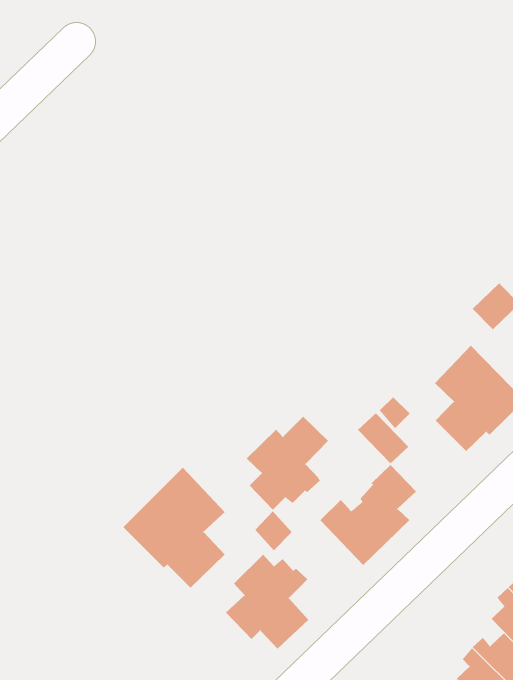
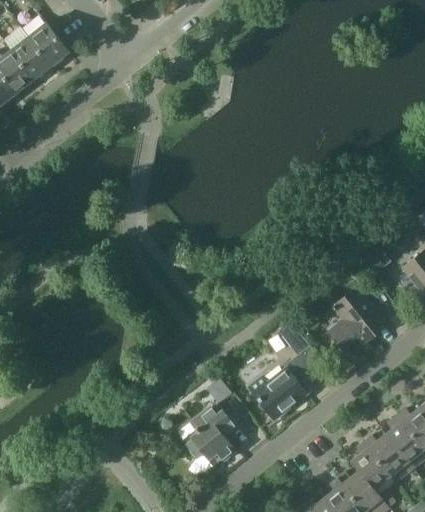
building: [246,416,329,511] -> none
building: [123,467,225,588] -> none

